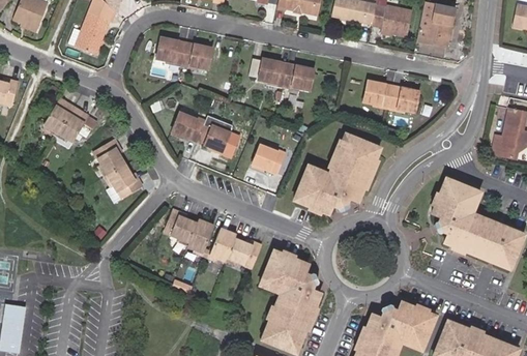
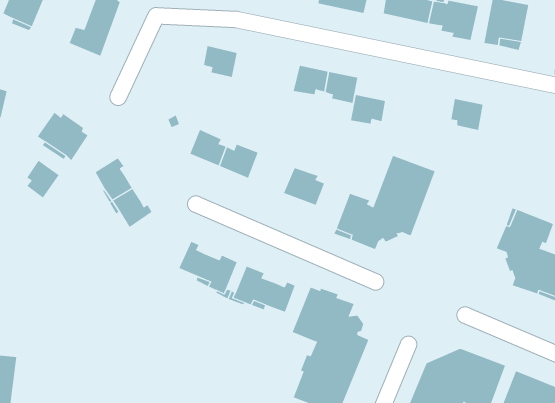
building: [156,38,186,63] -> none
building: [364,83,394,108] -> [350,95,386,124]
building: none -> [26,160,59,198]

